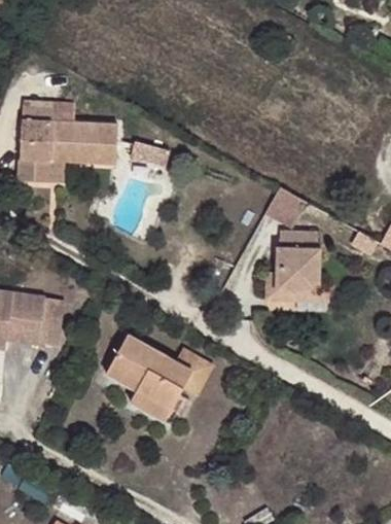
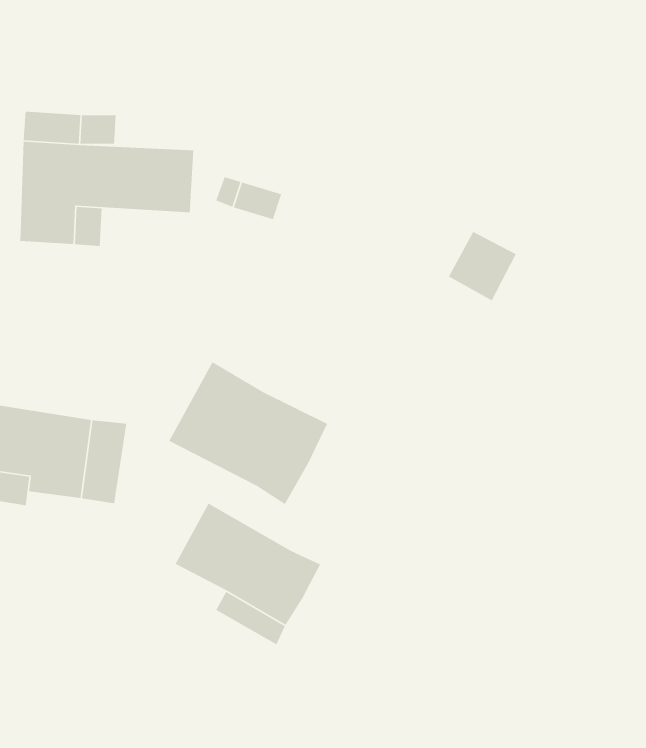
building: [261,237,323,306] -> none
building: none -> [168,361,328,505]
building: [174,349,211,397] -> none

